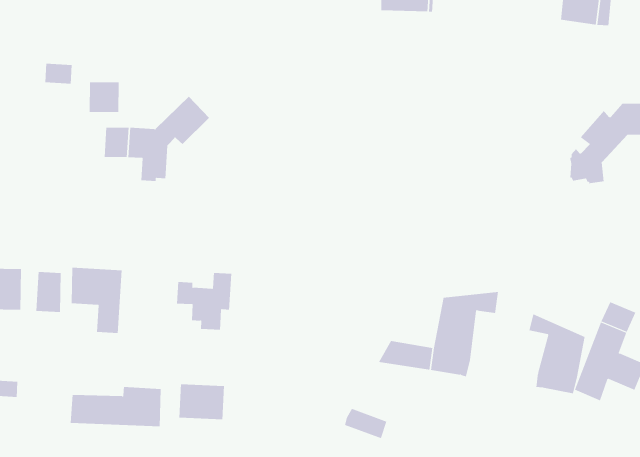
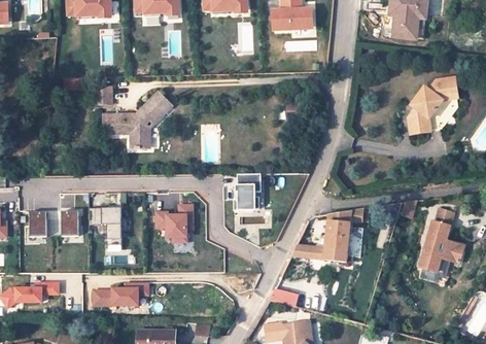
building: none -> [233,174,261,210]
building: [529,313,585,394] -> none
building: [179,384,224,420] -> none

